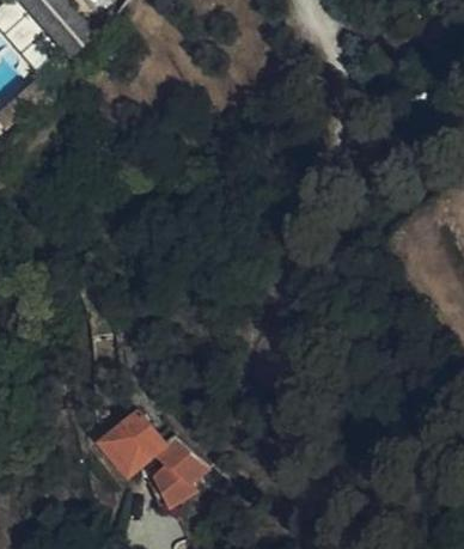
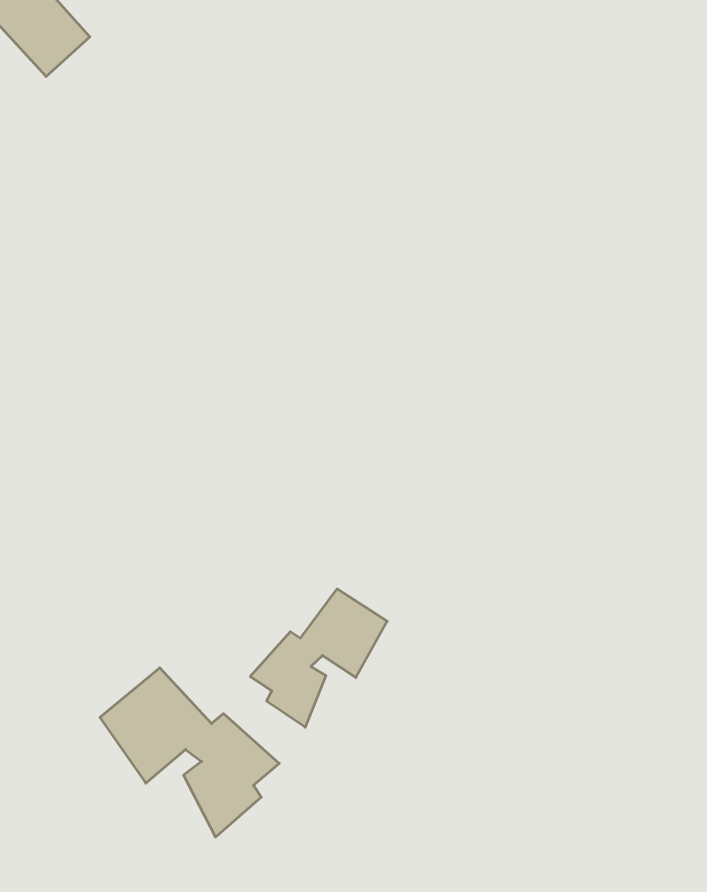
building: none -> [250,589,387,727]

